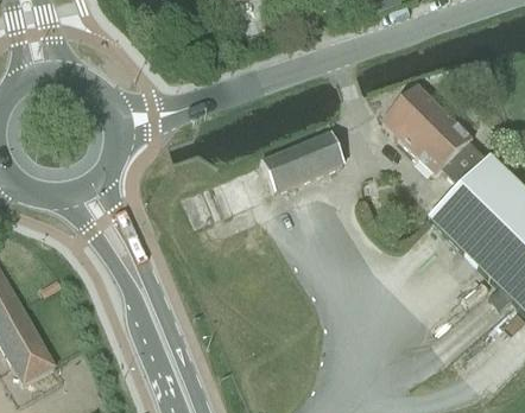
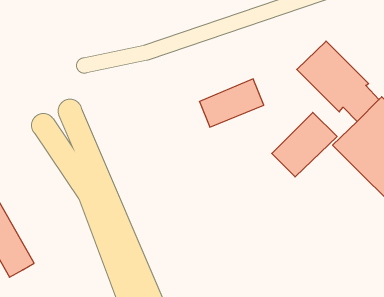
building: none -> [272,112,337,177]

